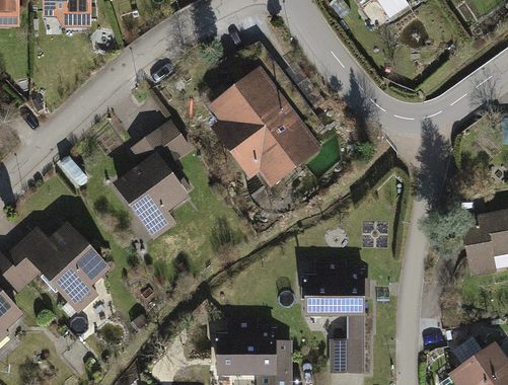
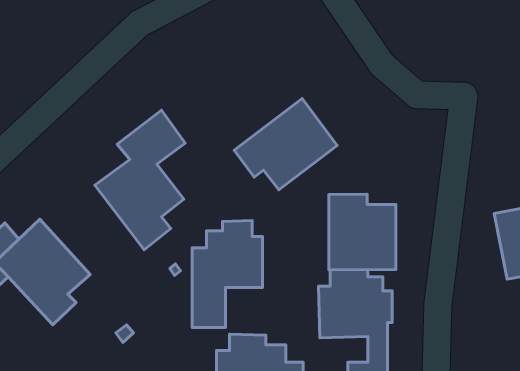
building: [209,72,292,158] -> none
building: none -> [329,194,396,270]
building: none -> [192,220,263,327]

